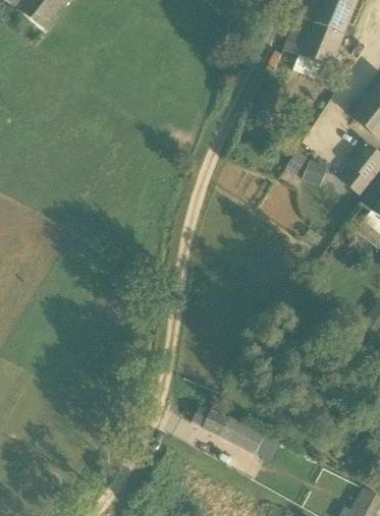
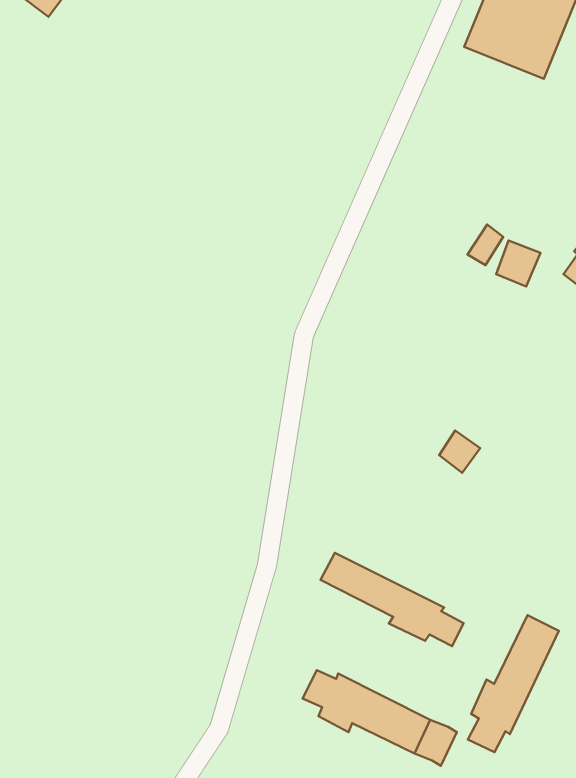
building: none -> [320,553,464,646]
building: none -> [468,615,559,752]

